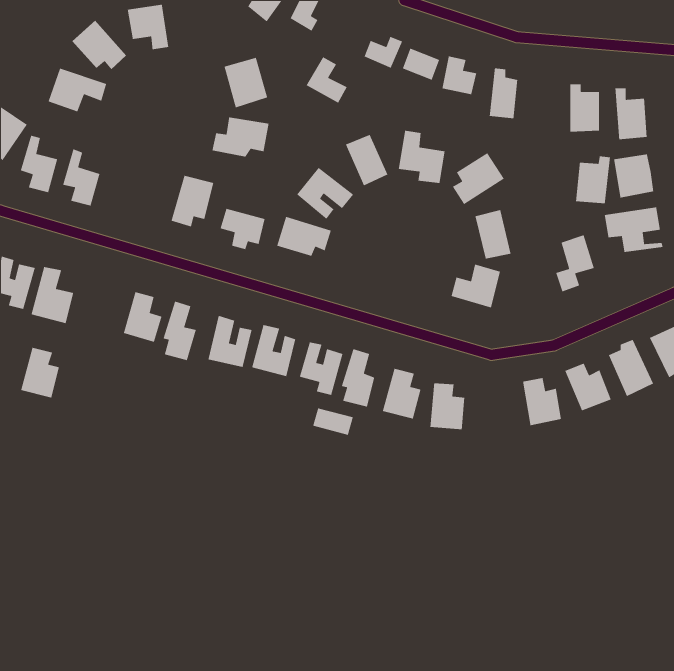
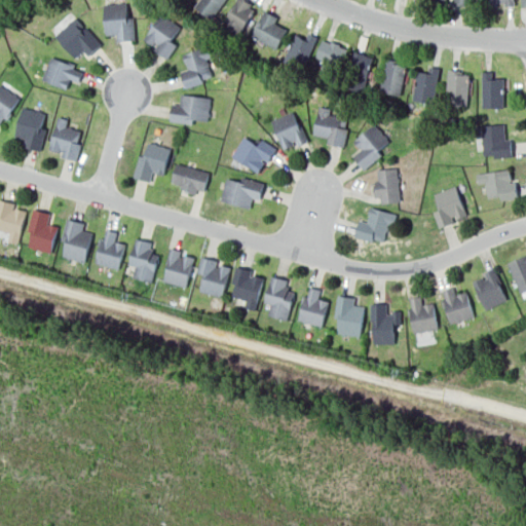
building: none -> [144,15,179,54]
building: [306,56,348,104] -> [250,13,283,50]
building: [575,155,611,204] -> [408,64,436,102]
building: [20,347,60,399] -> [63,222,93,262]
building: none -> [371,304,398,345]
building: [312,407,354,436] -> none

